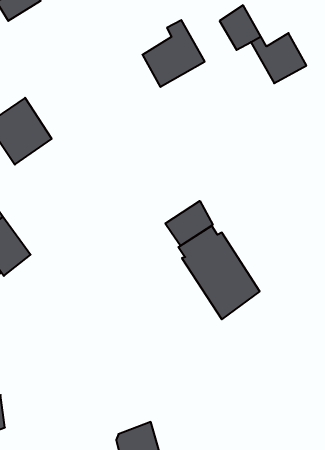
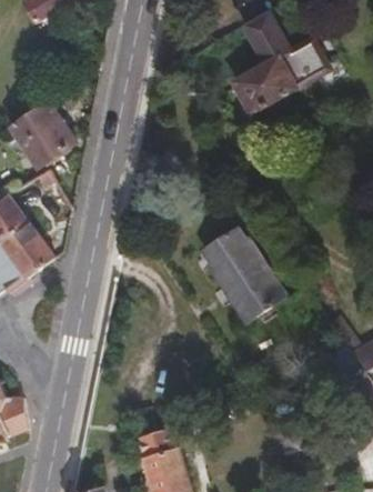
building: [142,20,205,87] -> [234,44,296,111]
building: [165,201,213,246] -> none

